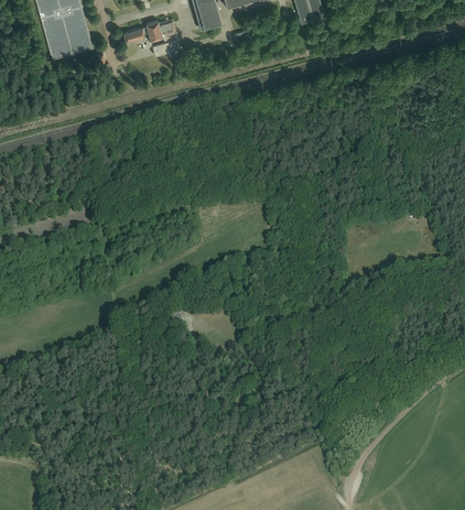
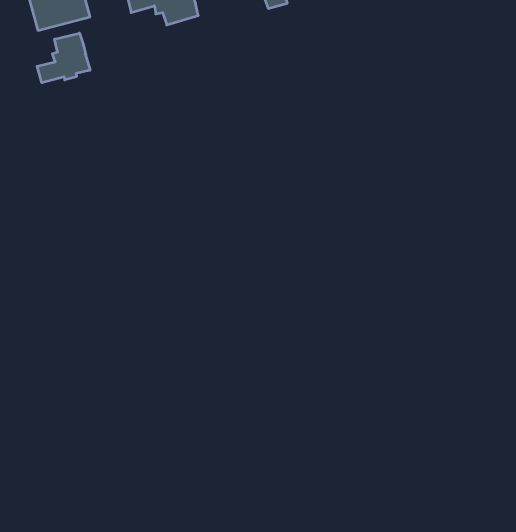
building: none -> [37,33,90,83]

